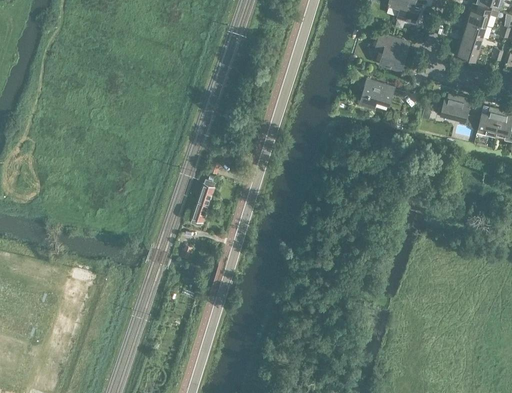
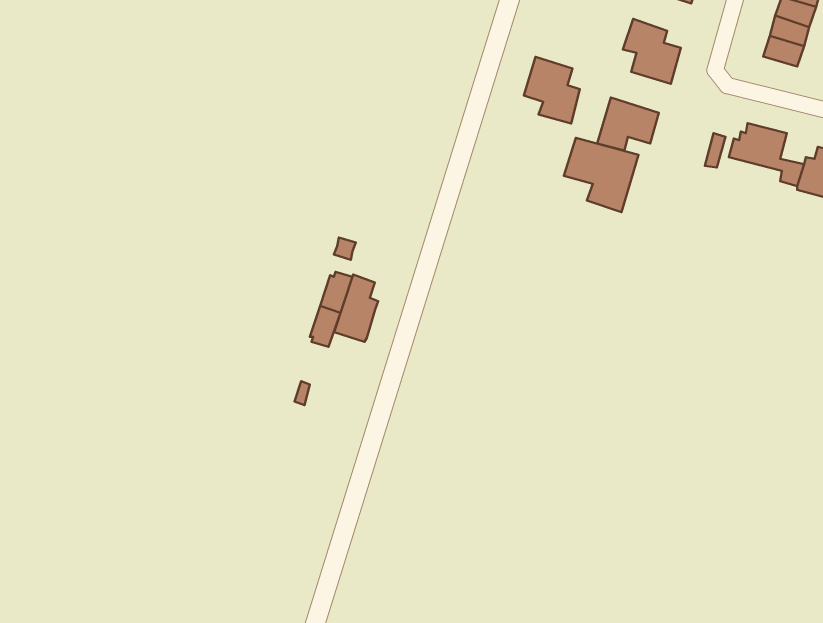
building: none -> [524,57,580,123]
building: none -> [564,138,638,212]
building: none -> [334,275,378,342]

